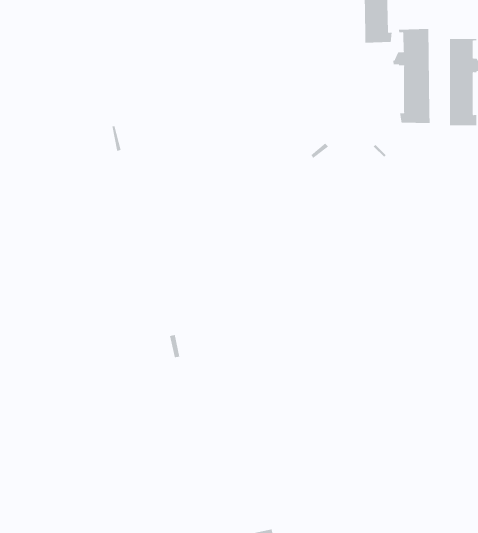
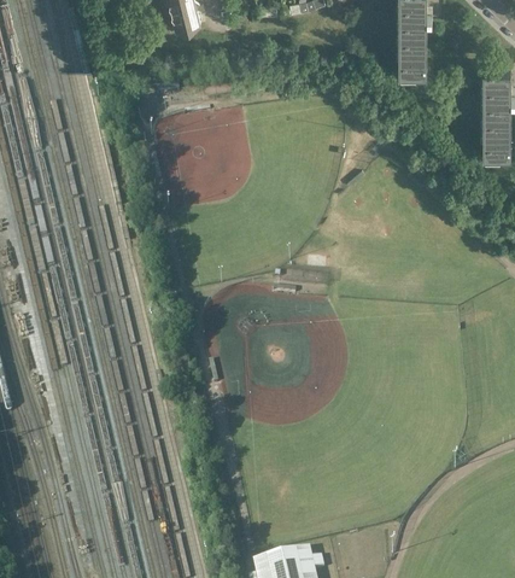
building: [393,28,430,124] -> none

